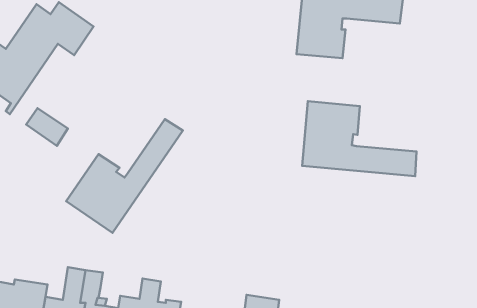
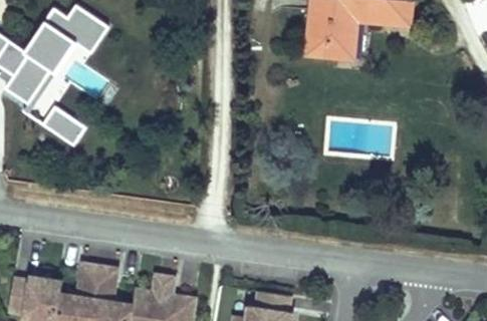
building: [302,101,417,176] -> none
building: [66,119,183,233] -> none

